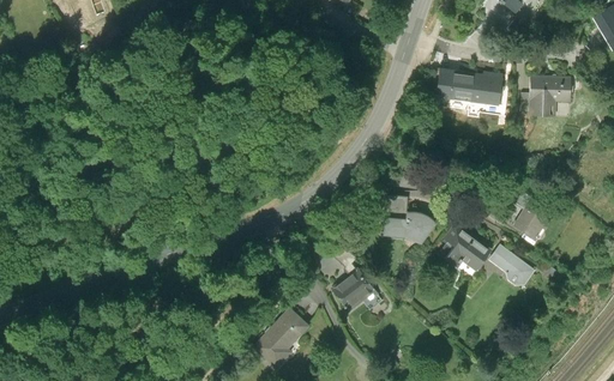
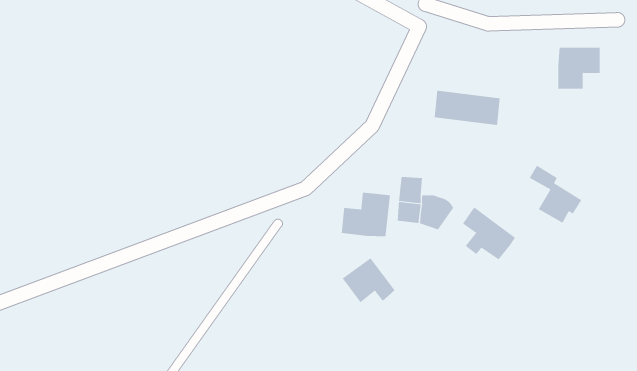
building: [433,73,494,105] -> [434,90,501,125]
building: none -> [341,192,391,237]
building: [482,244,530,288] -> none
building: [248,309,305,369] -> none

